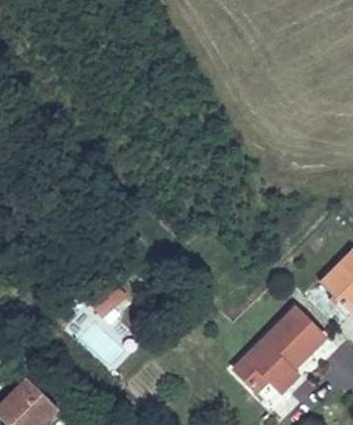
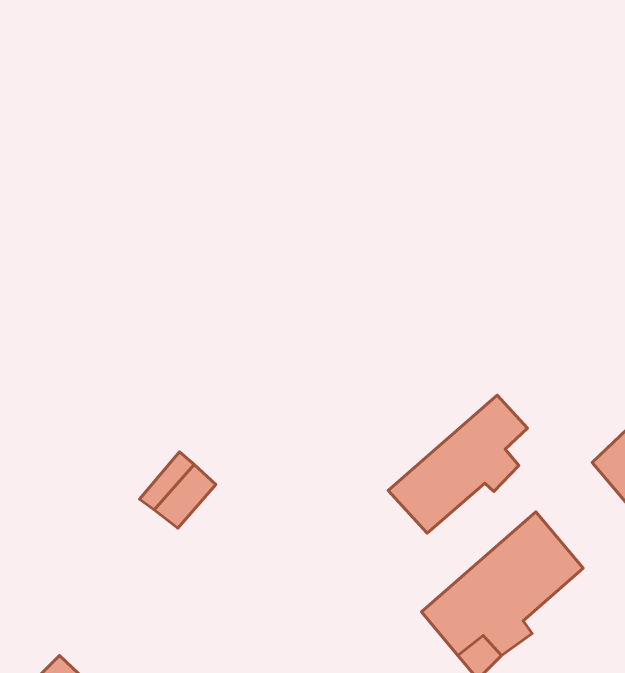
building: none -> [388,395,528,533]

